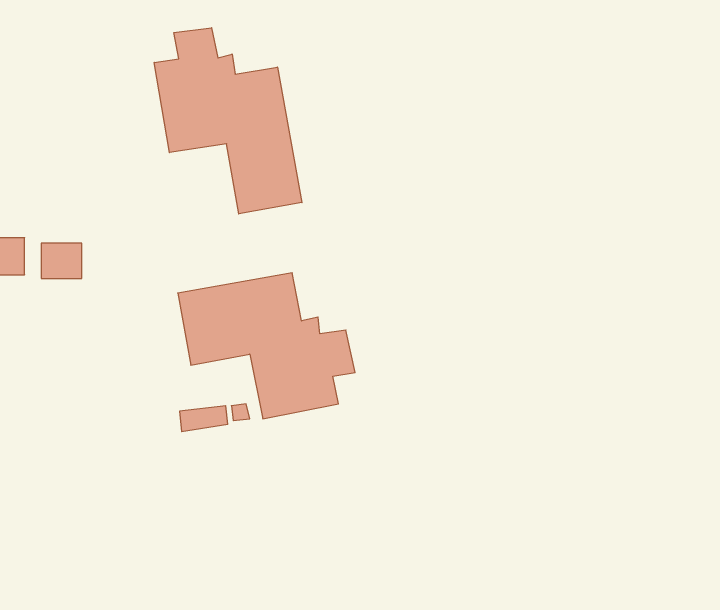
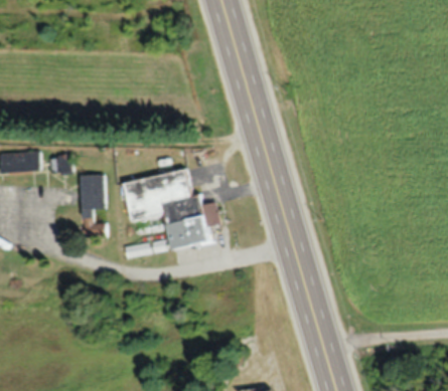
building: [154,28,302,214] -> none
building: none -> [81,174,106,237]

